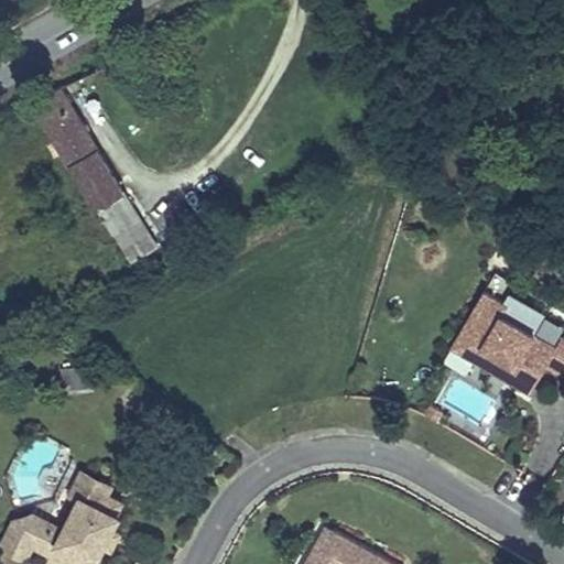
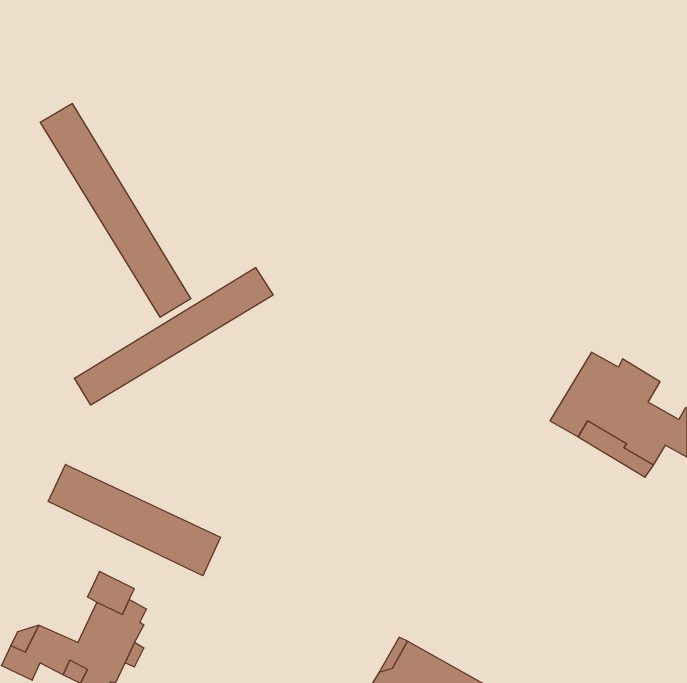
building: none -> [74,268,273,405]
building: none -> [48,464,220,576]

